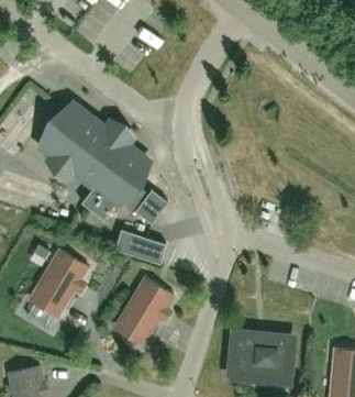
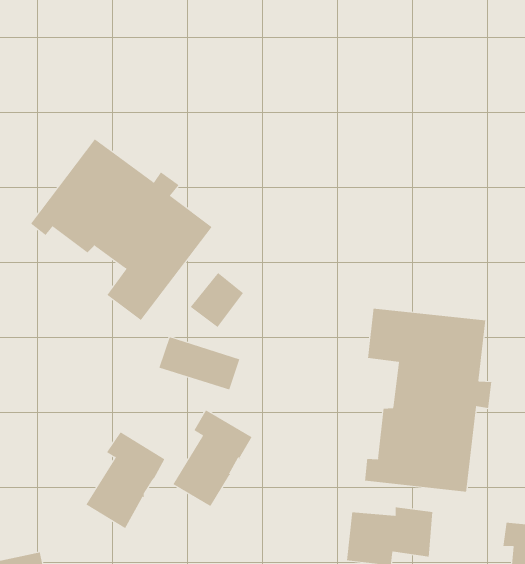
building: none -> [365,308,492,492]
building: [37,249,88,310] -> [85,431,165,529]

